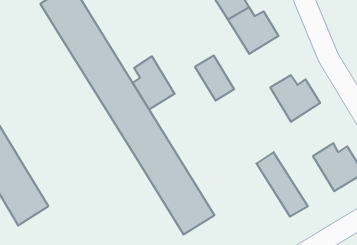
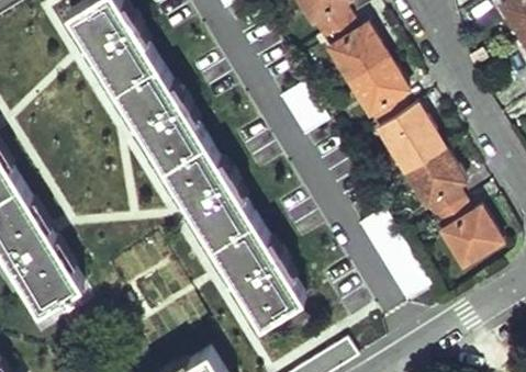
building: none -> [350,56,410,125]
building: [133,56,175,109] -> none
building: none -> [406,146,467,217]

